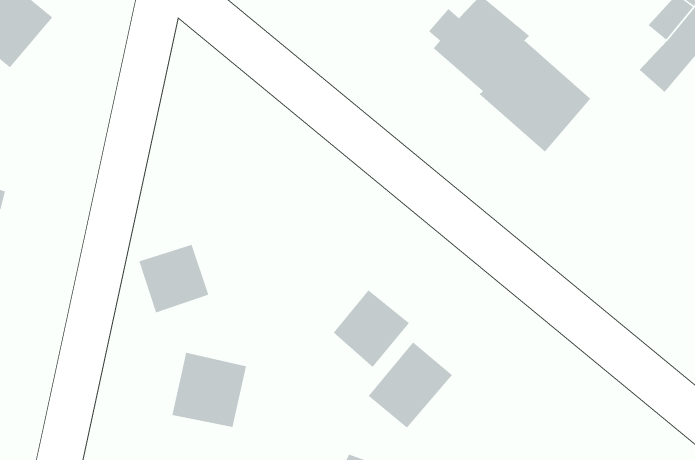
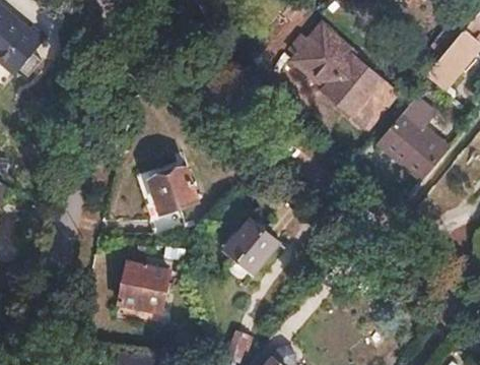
building: none -> [379,101,443,180]
building: [139,244,209,313] -> [150,168,197,214]
building: [368,342,453,428] -> none

